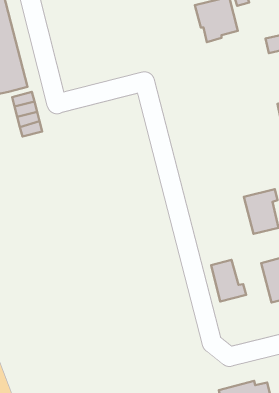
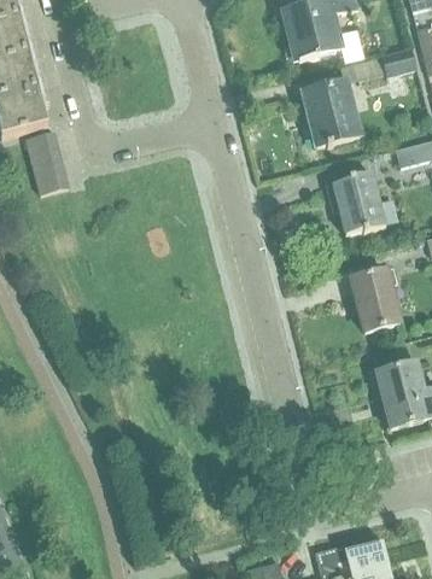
building: none -> [304,81,360,147]
building: none -> [327,169,387,234]
building: [211,260,246,302] -> none

